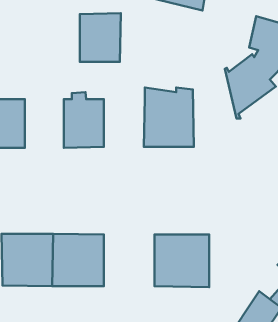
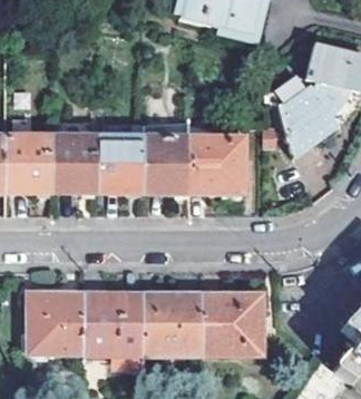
building: [80,13,121,62] -> [142,138,188,194]
building: none -> [51,139,96,195]
building: none -> [142,294,199,353]

